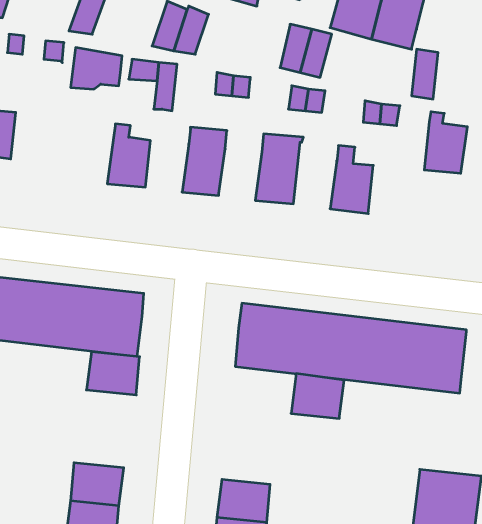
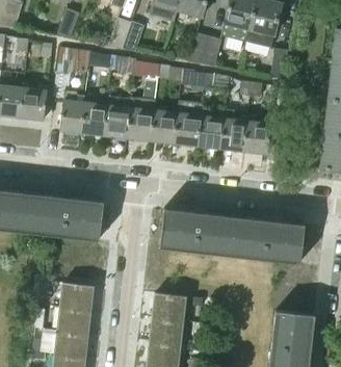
building: [424,112,467,173] -> [244,115,271,154]
building: none -> [21,88,48,121]
building: none -> [60,90,86,133]
building: none -> [105,96,133,138]
building: none -> [198,107,225,149]
building: none -> [151,111,178,143]
building: [86,352,140,395] -> [60,284,94,311]
building: [291,374,344,418] -> [153,293,186,321]

